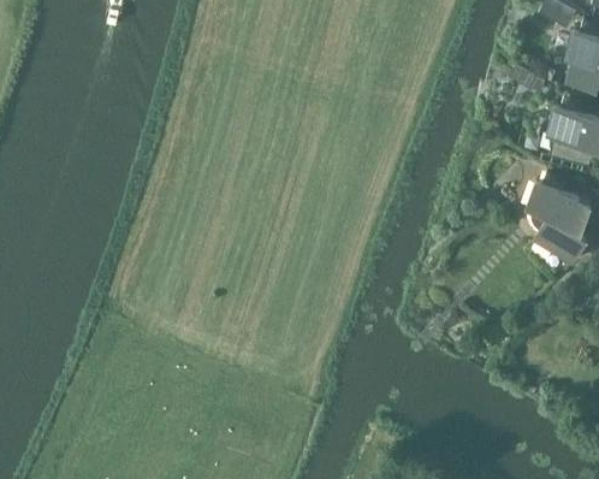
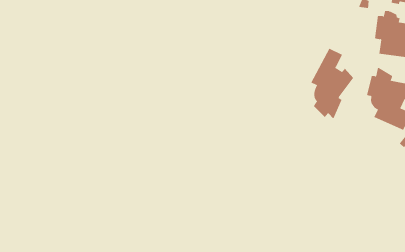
building: none -> [310,48,354,119]

